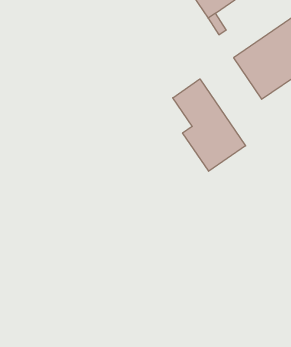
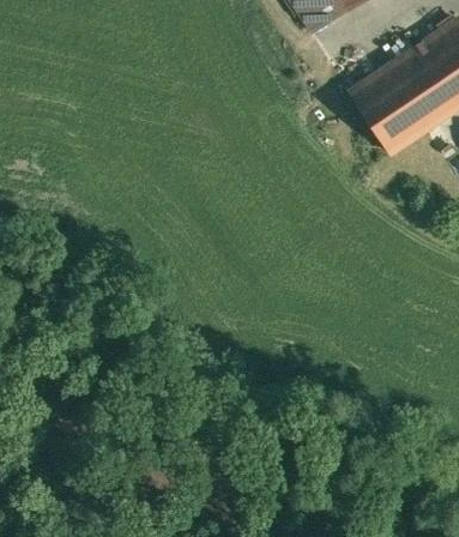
building: [173,79,246,171] -> none

